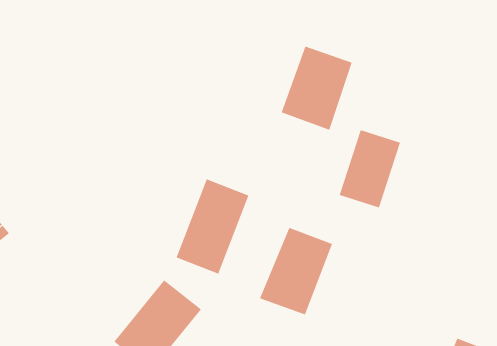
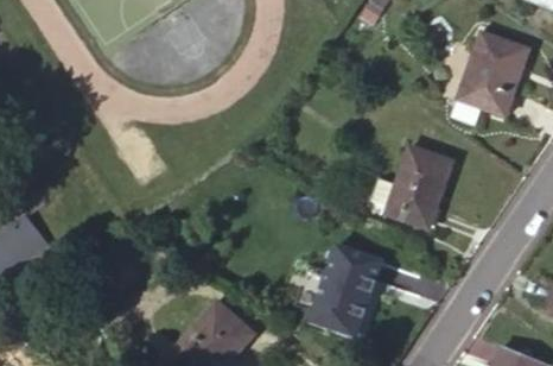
building: [281,46,353,130] -> [456,31,527,115]
building: [176,179,249,274] -> none

